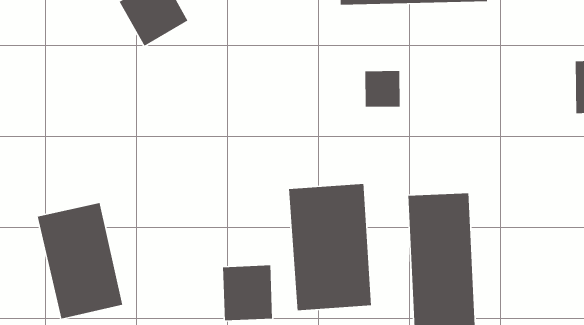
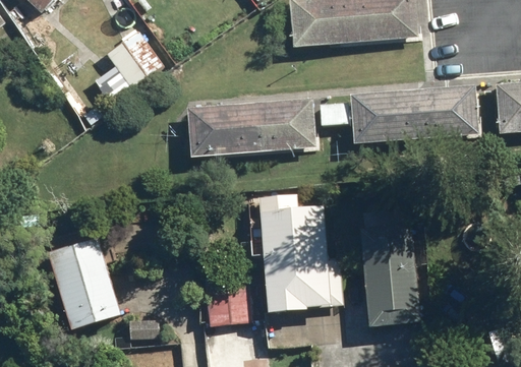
building: none -> [351,86,477,141]
building: none -> [186,101,314,156]

